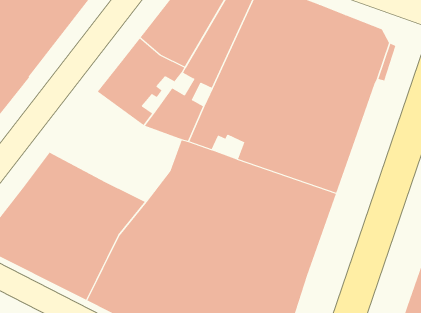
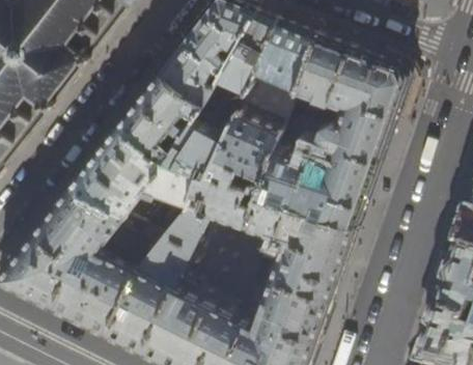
building: none -> [61,124,193,234]

